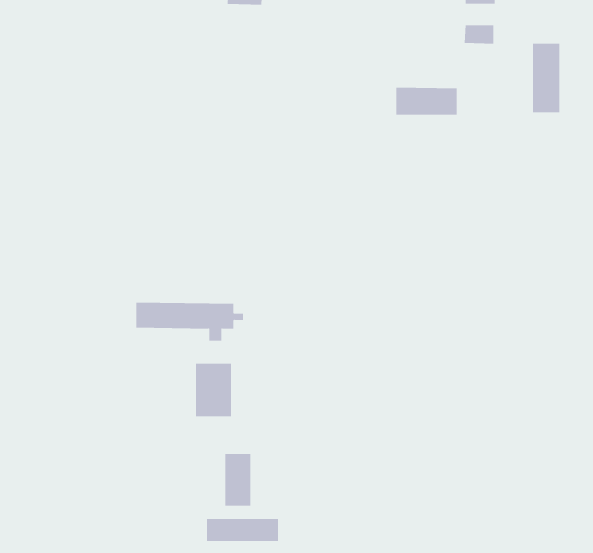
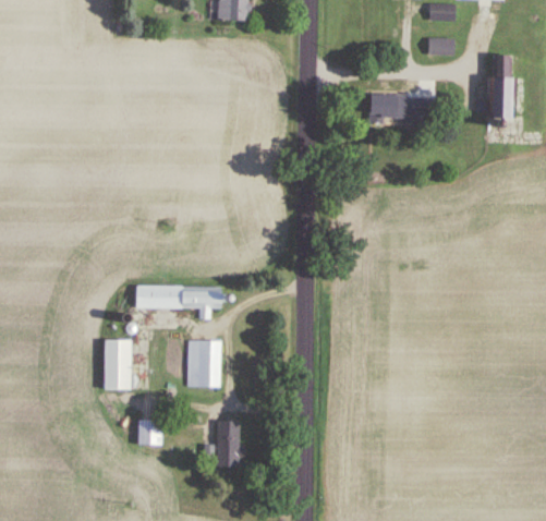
building: none -> [102,339,130,390]
building: none -> [136,420,163,446]
building: [206,518,278,542] -> none

